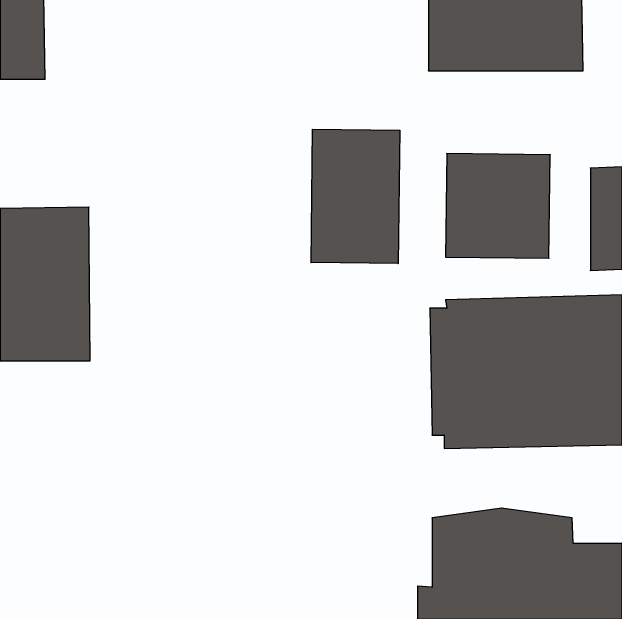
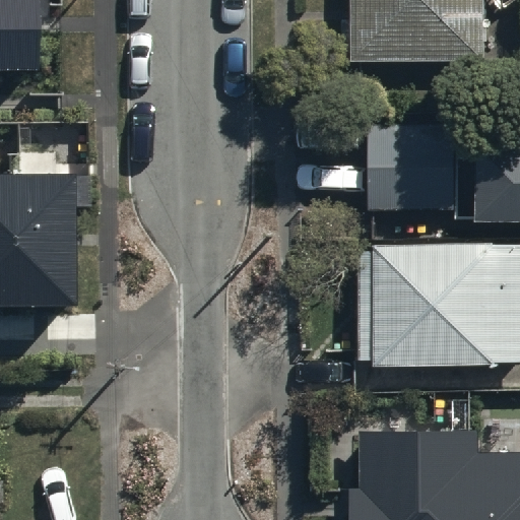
building: [311,129,400,264] -> none

